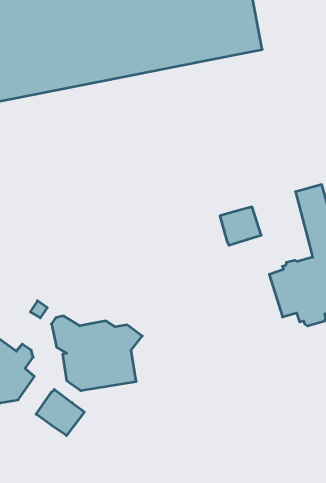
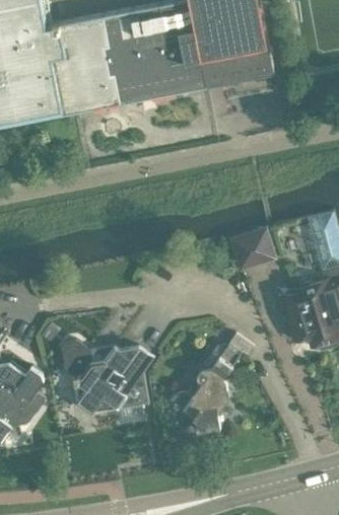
building: none -> [167,337,251,433]
building: [36,389,84,436] -> none

